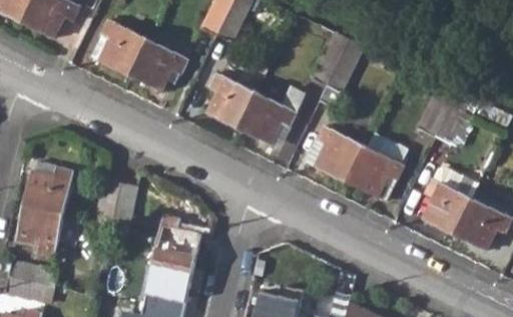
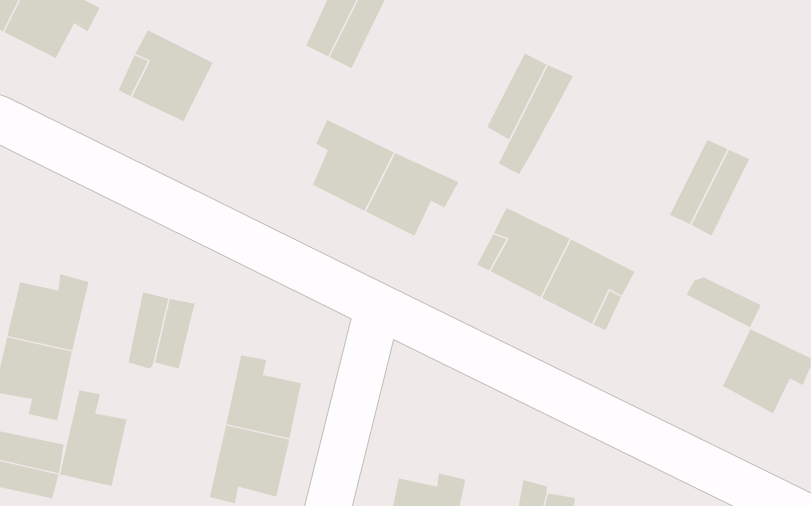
building: [130,39,185,91] -> none
building: [422,180,472,235] -> none
building: none -> [59,390,128,487]

